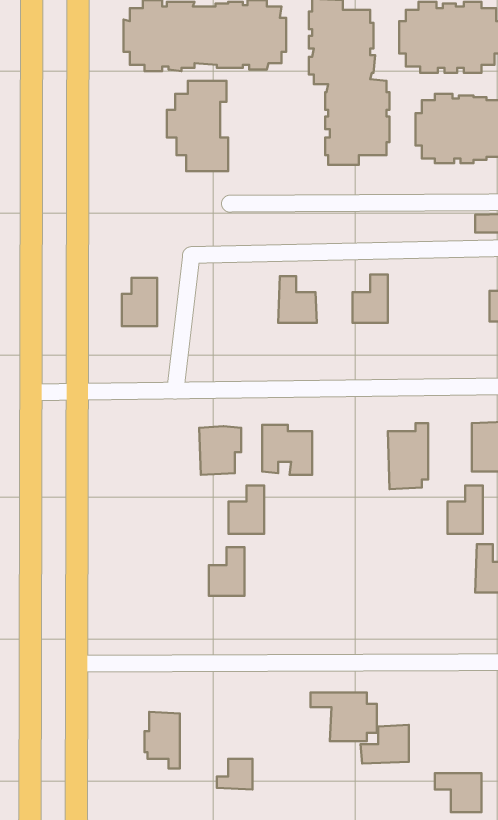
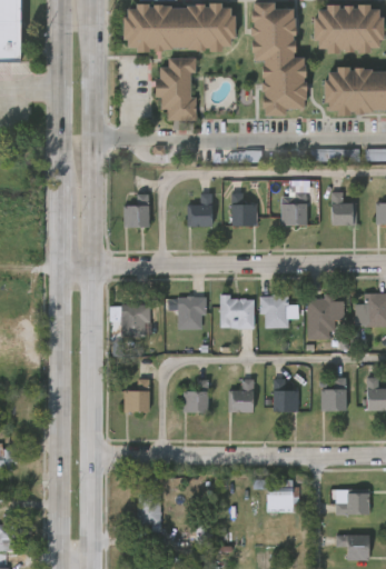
building: none -> [330,191,353,224]
building: none -> [187,192,212,227]
building: none -> [258,295,287,328]
building: none -> [120,302,149,338]
building: [447,485,483,534] -> [321,378,346,411]
building: [229,485,264,534] -> [228,379,253,412]
building: none -> [273,378,297,412]
building: none -> [123,379,149,411]
building: [361,725,409,763] -> [337,489,370,516]

